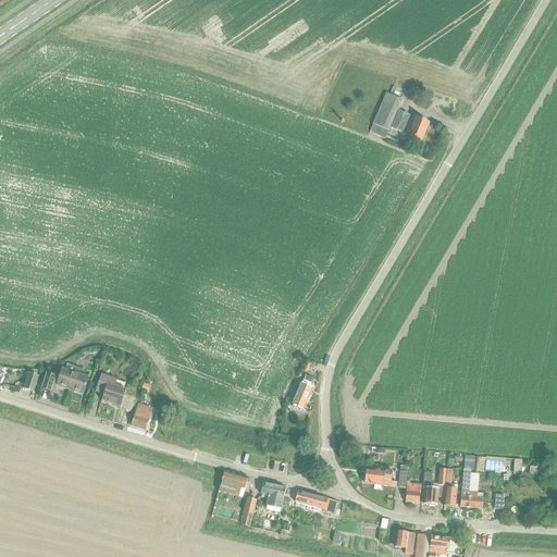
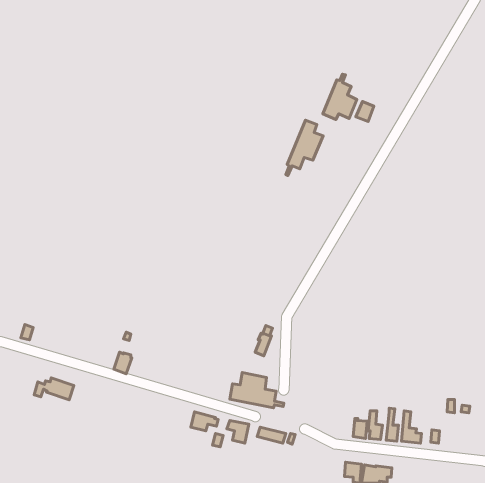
building: none -> [286,120,323,176]
building: [42,368,88,393] -> [34,378,74,400]
building: [96,373,125,405] -> none
building: none -> [230,372,284,408]
building: [364,468,397,486] -> none

